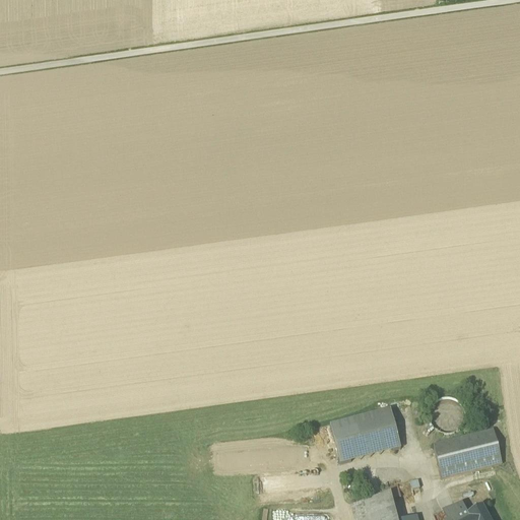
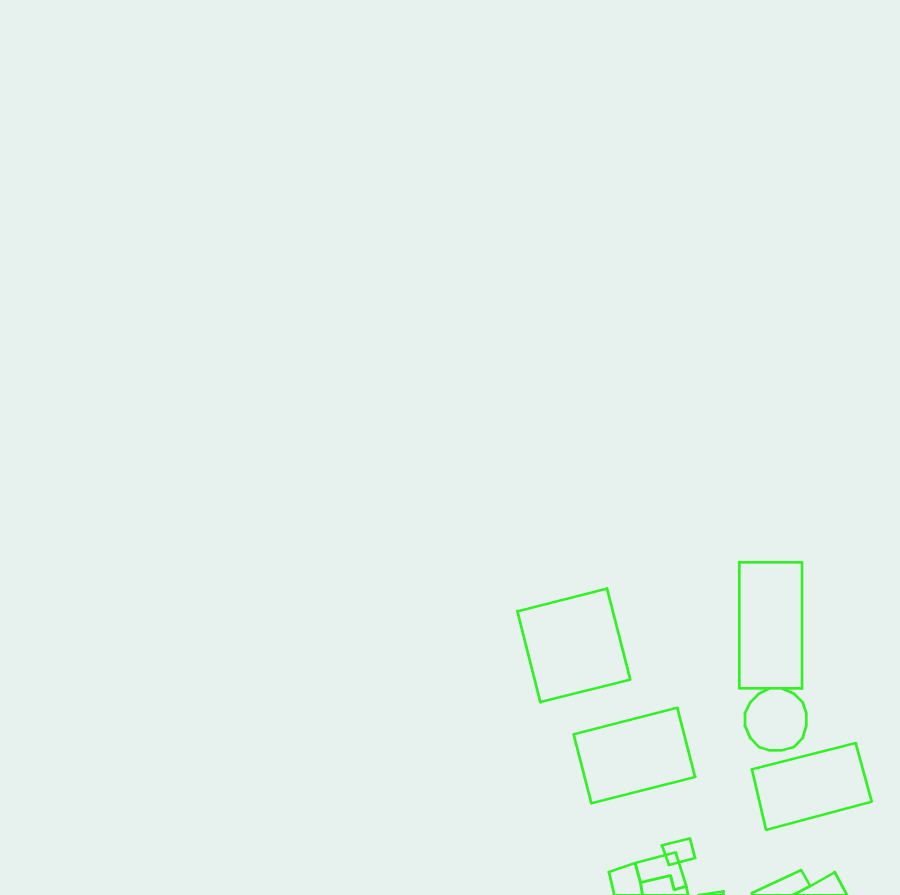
building: none -> [739,562,802,689]
building: none -> [517,588,630,702]

